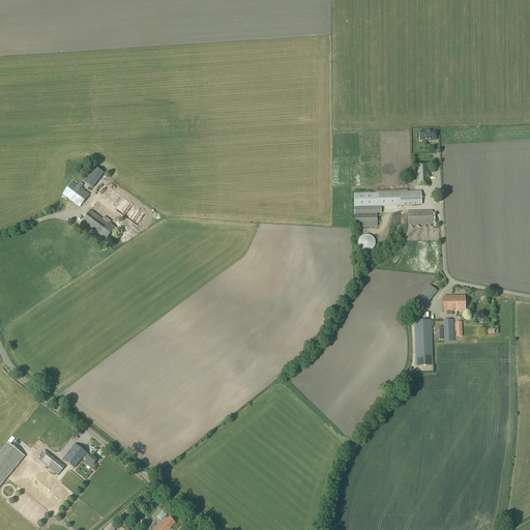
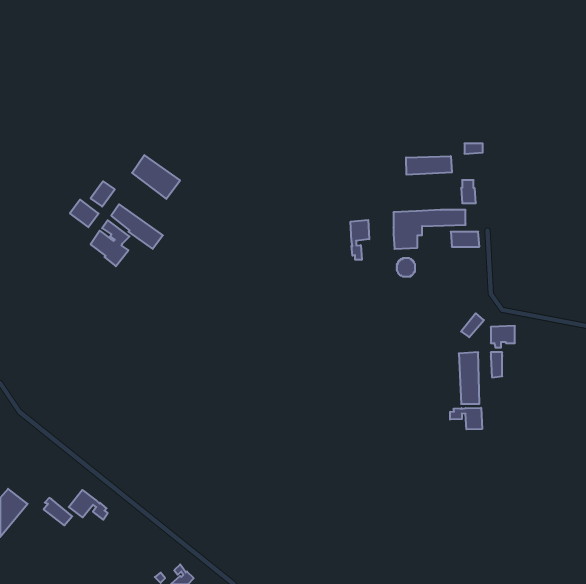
building: none -> [132,155,180,199]
building: none -> [406,156,452,175]
building: none -> [351,220,369,260]
building: none -> [450,408,482,429]

